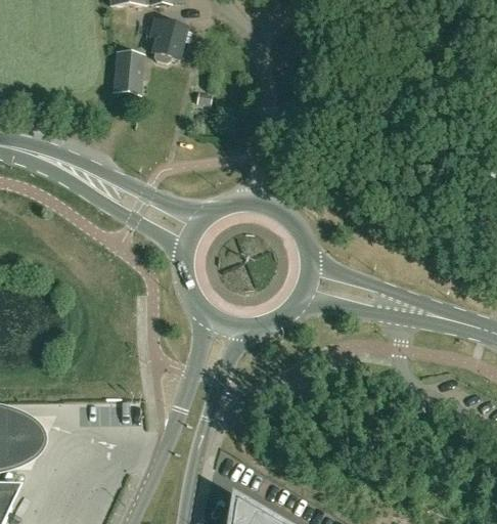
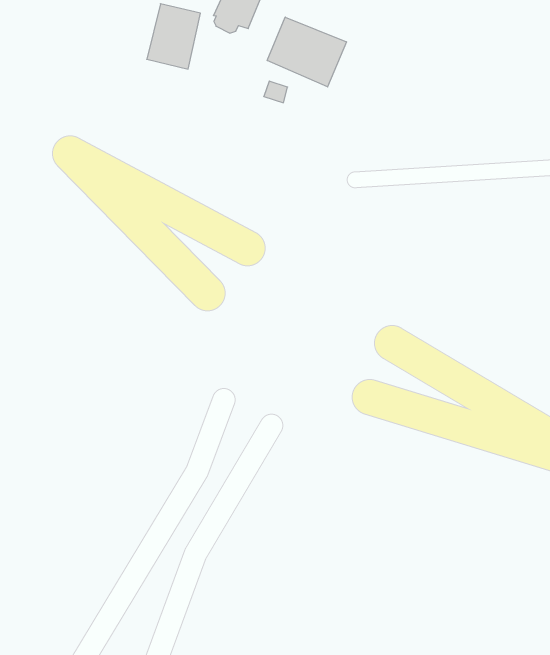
building: none -> [267,17,346,87]

